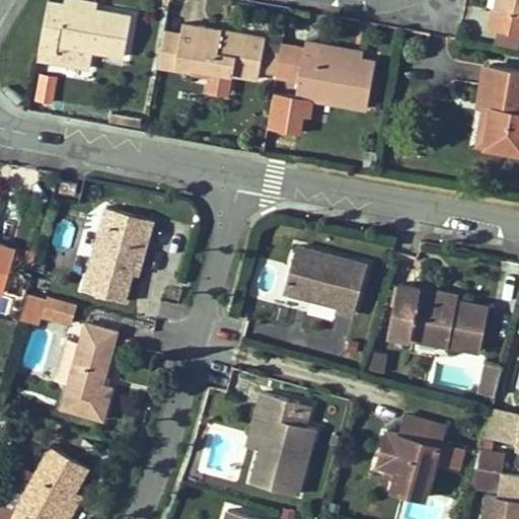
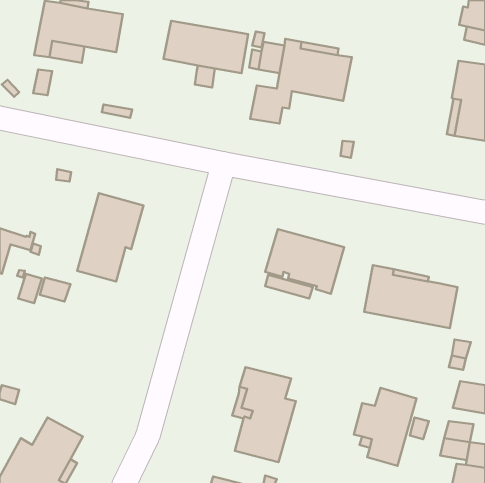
building: [158,32,211,78] -> none
building: [54,324,118,422] -> none

